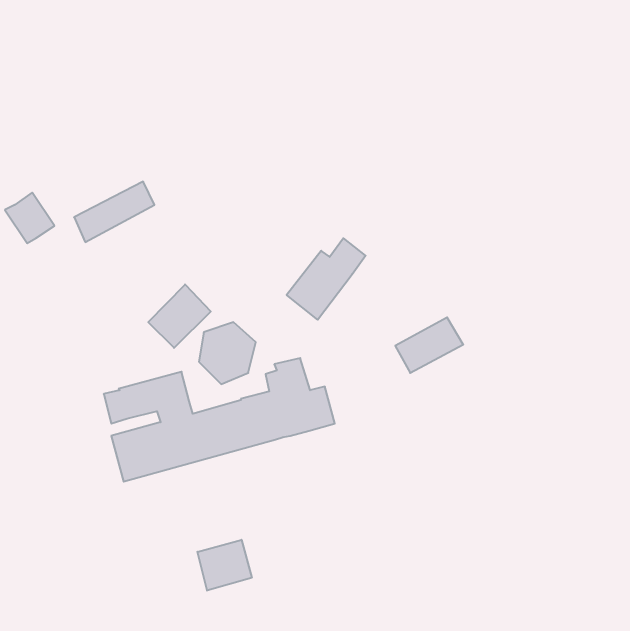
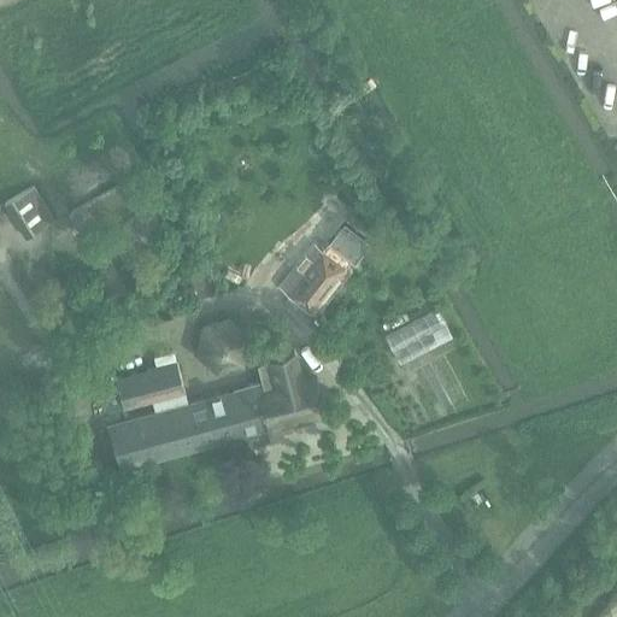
building: [148,284,211,348] -> none
building: [197,540,252,591] -> none

